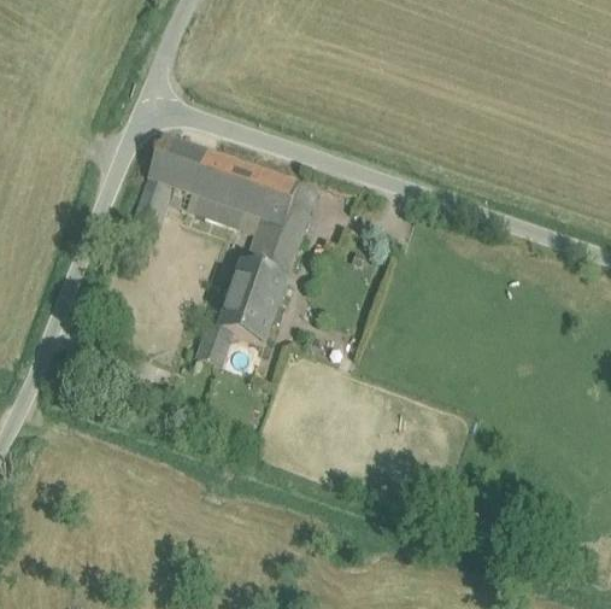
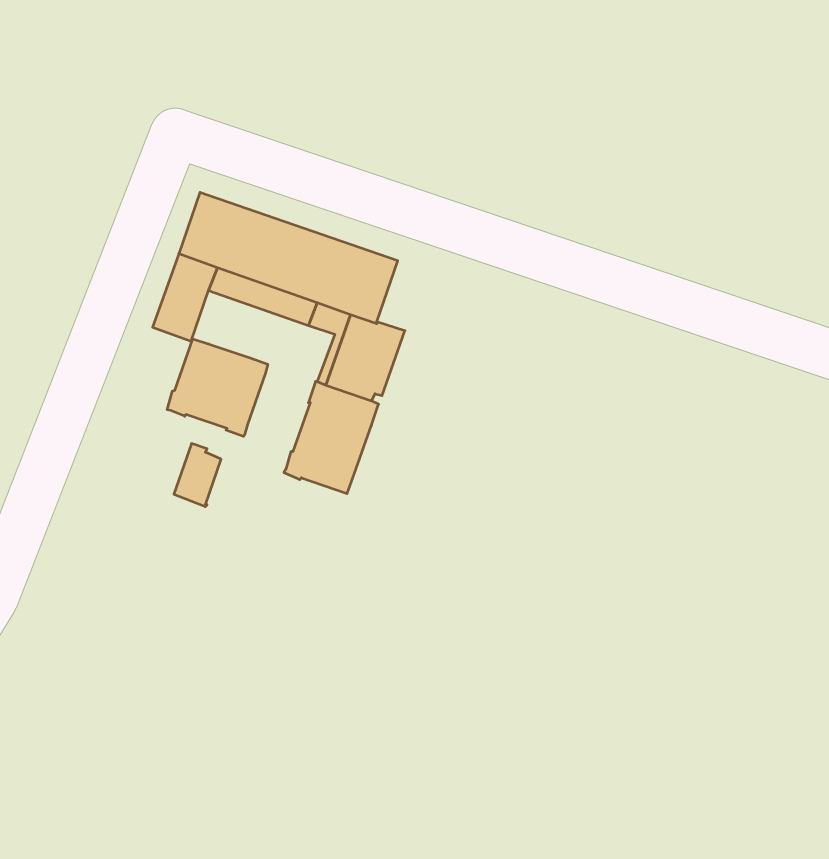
building: [283,182,317,230] -> none
building: none -> [167,339,268,436]
building: [198,322,230,365] -> [174,444,221,507]

